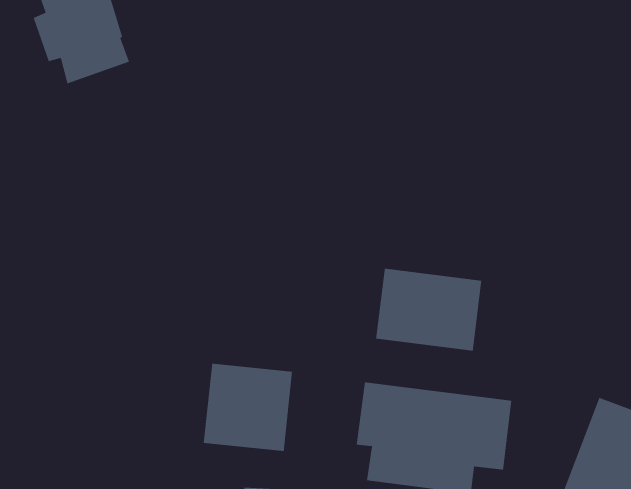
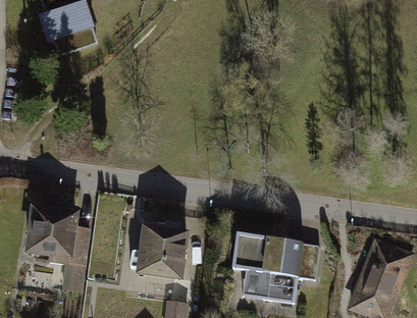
building: [376,268,482,351] -> none
building: none -> [27,202,87,292]

